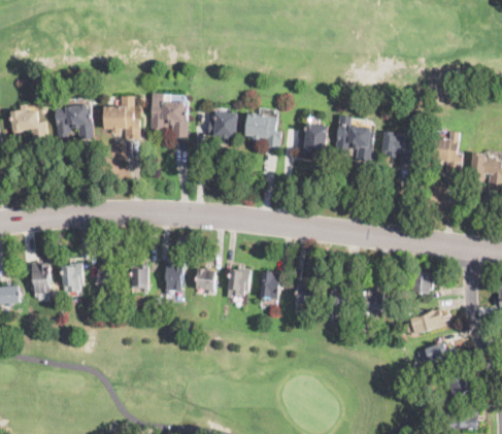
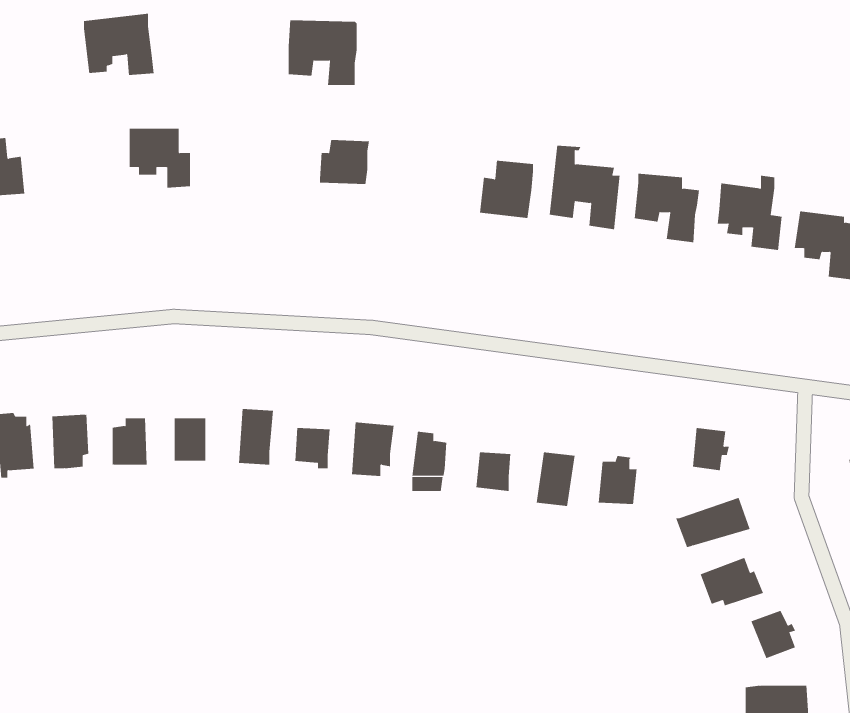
building: [150,100,189,136] -> [288,20,357,86]
building: [56,104,95,138] -> [83,13,155,75]
building: [245,112,281,149] -> none

